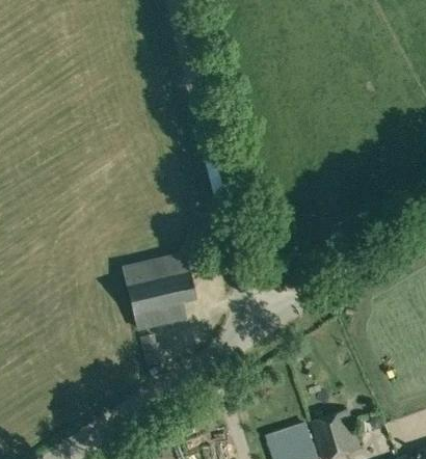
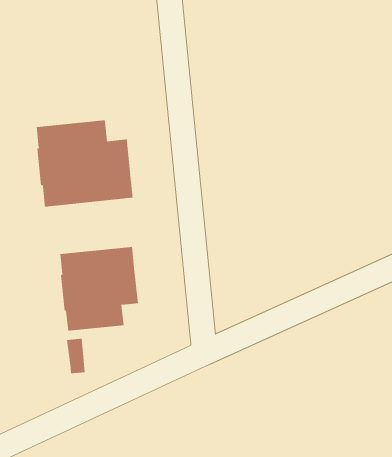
building: none -> [36,119,133,207]

